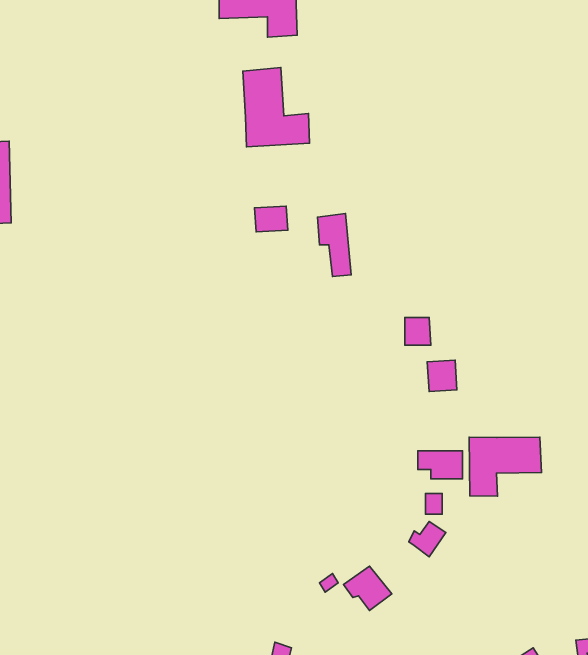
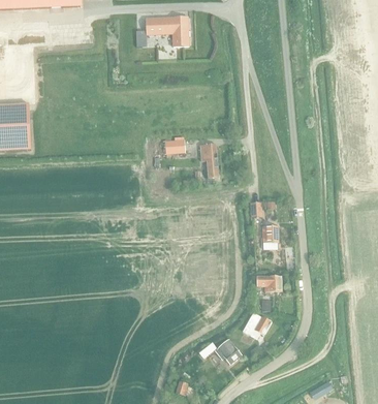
building: [243,68,309,147] -> none
building: [469,437,541,496] -> none

